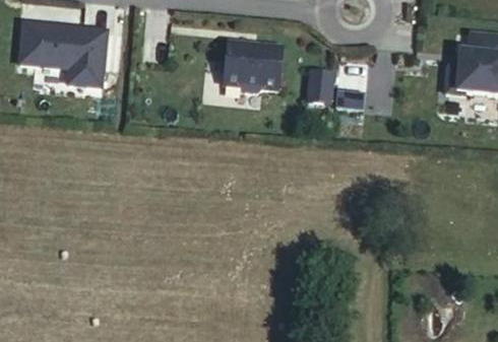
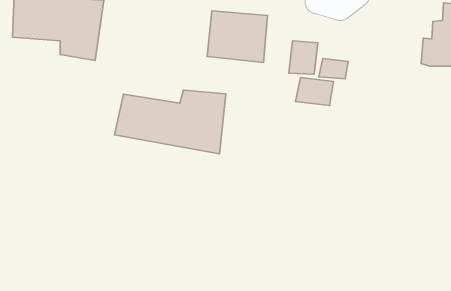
building: none -> [295,78,333,106]
building: none -> [115,90,226,154]

